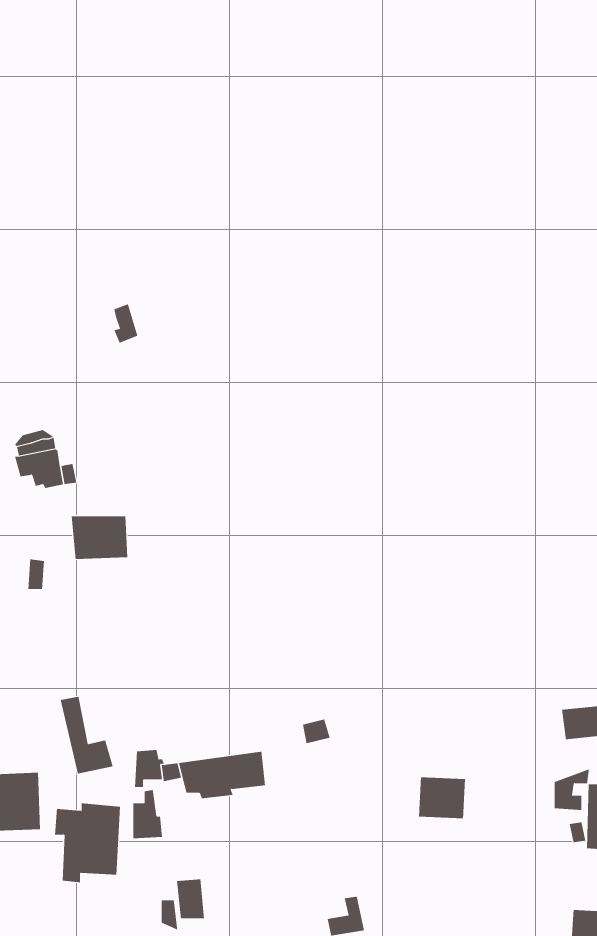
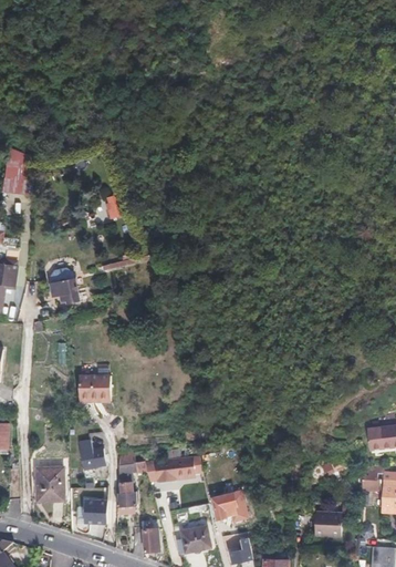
building: [71,516,128,560] -> [76,378,110,403]
building: [418,777,466,819] -> [314,513,342,537]
building: none -> [211,493,236,518]
building: none -> [180,526,210,551]

